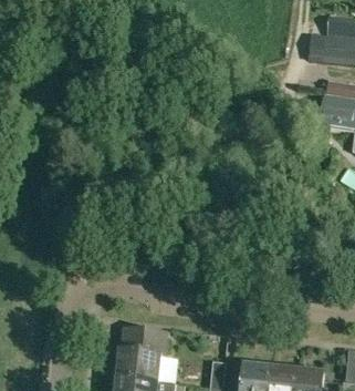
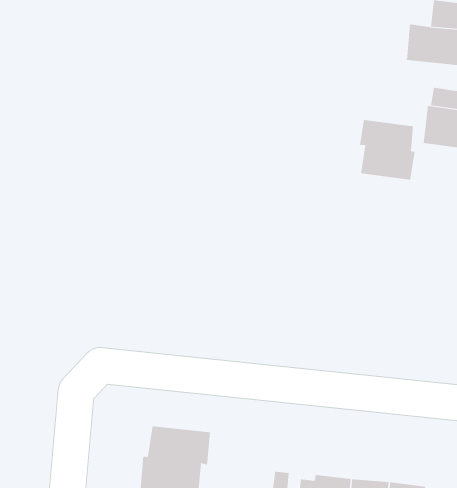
building: none -> [360,119,415,181]

